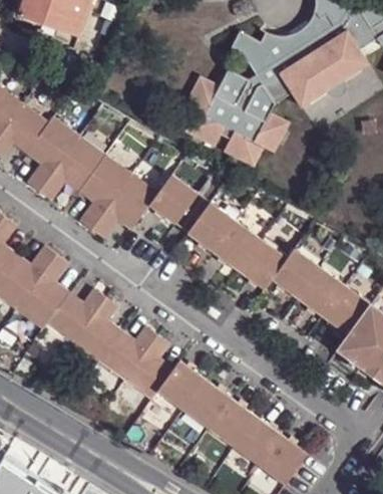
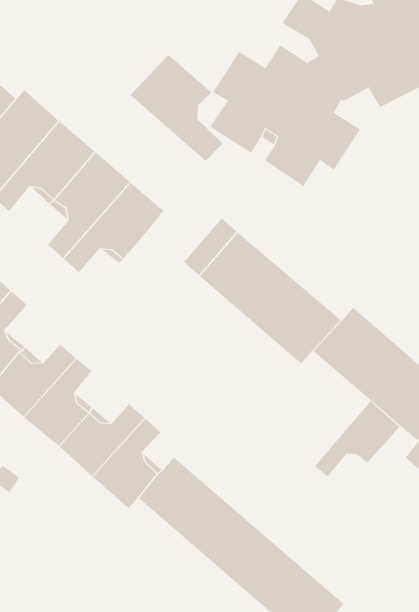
building: none -> [130,54,224,162]
building: [147,173,198,225] -> none
building: none -> [314,401,400,478]

